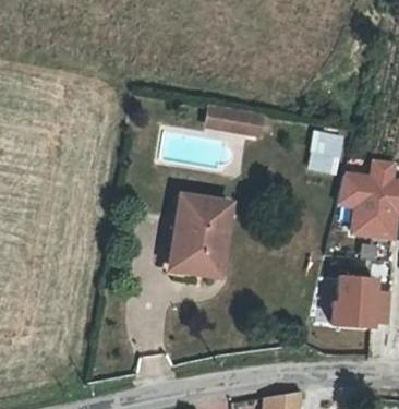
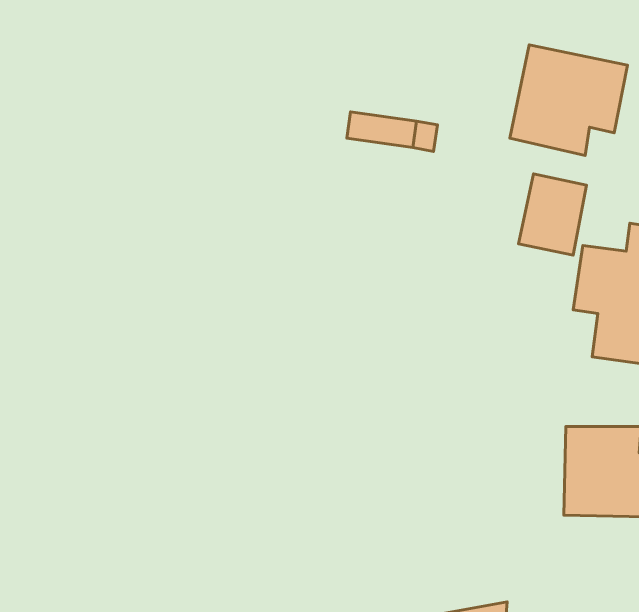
building: none -> [510,45,627,155]
building: [174,190,227,269] -> none

